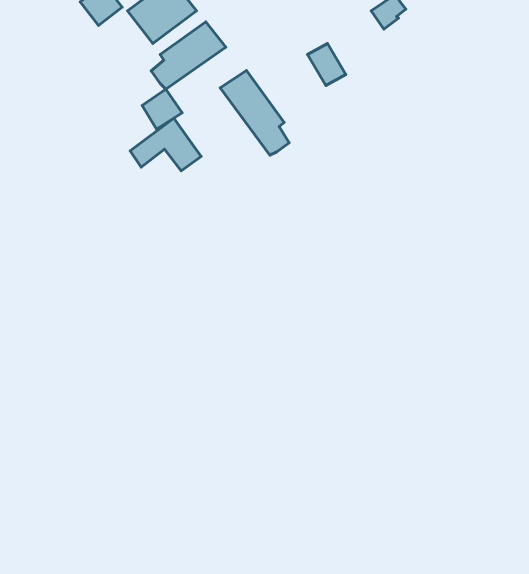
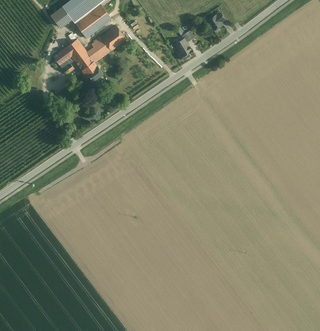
building: [220,71,289,155] -> none
building: [130,118,201,171] -> [51,38,90,67]

